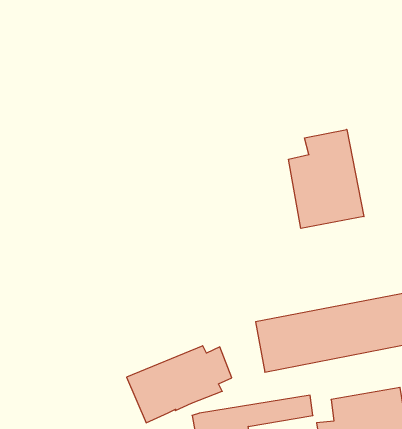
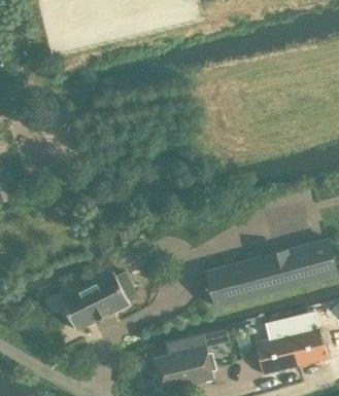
building: [289,129,364,228] -> none
building: [127,346,232,423] -> [59,273,135,331]

